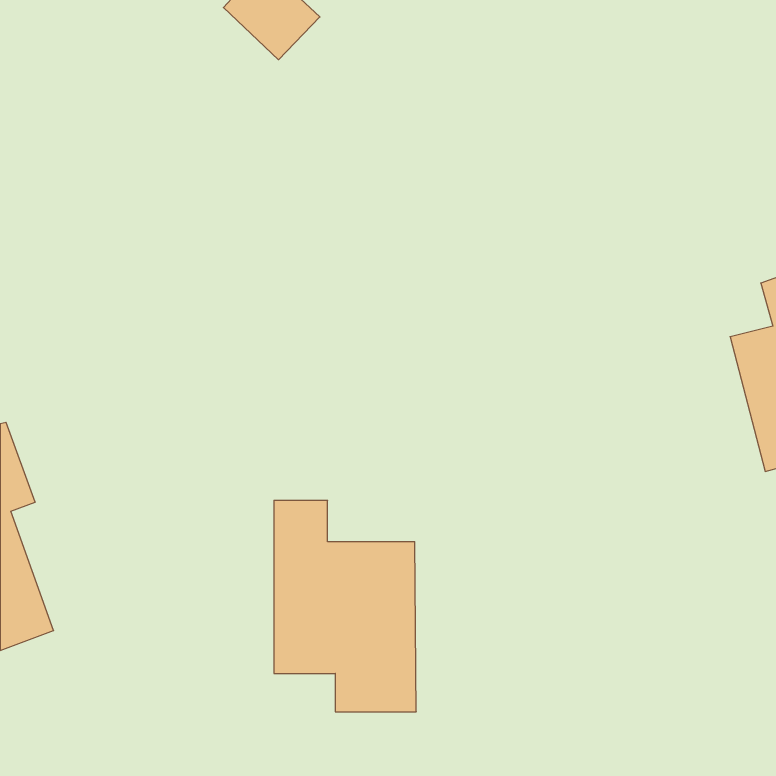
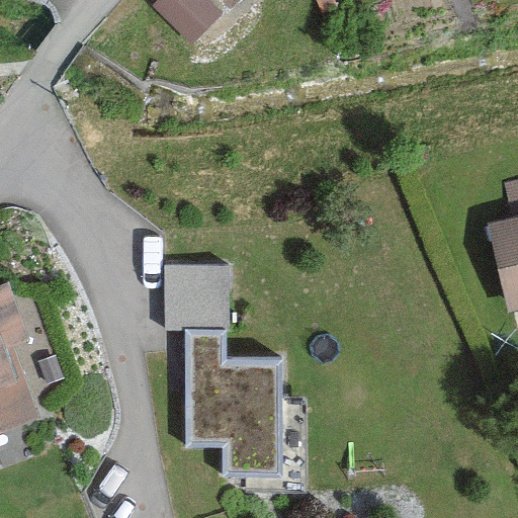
building: none -> [165,265,225,323]

